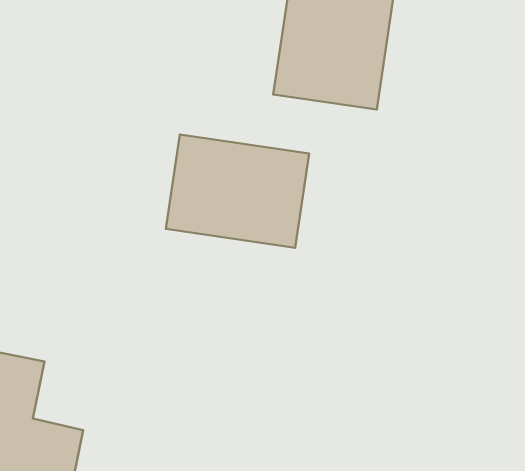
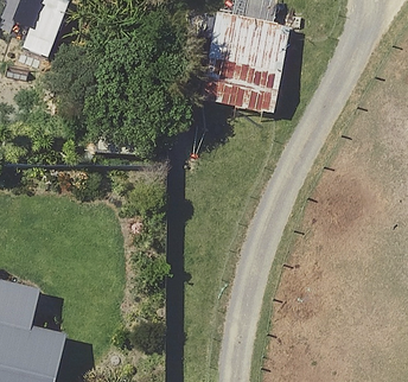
building: [166,134,309,248] -> none

